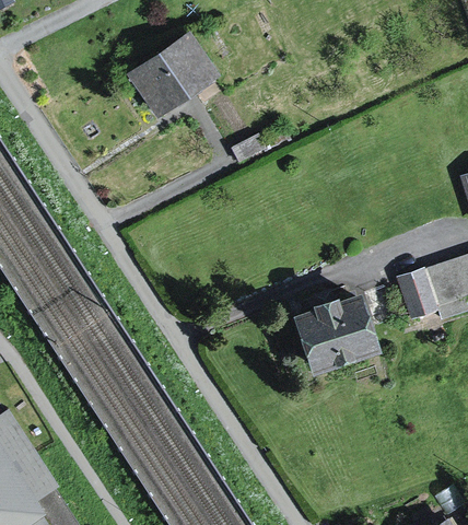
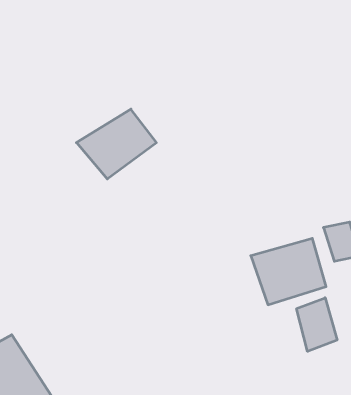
building: [119,37,215,121] -> [76,109,156,179]
building: none -> [297,298,337,351]

